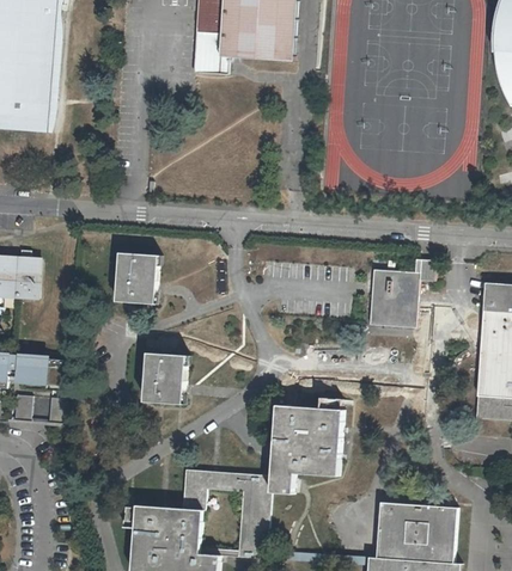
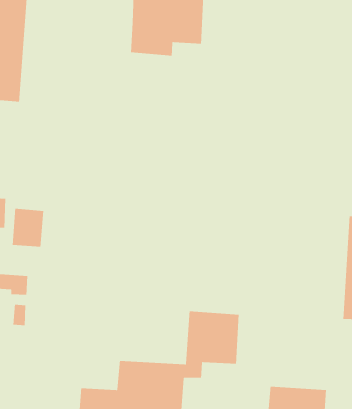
building: [115,252,157,303] -> [12,208,44,247]
building: [367,259,434,327] -> none
building: [142,354,185,404] -> none

